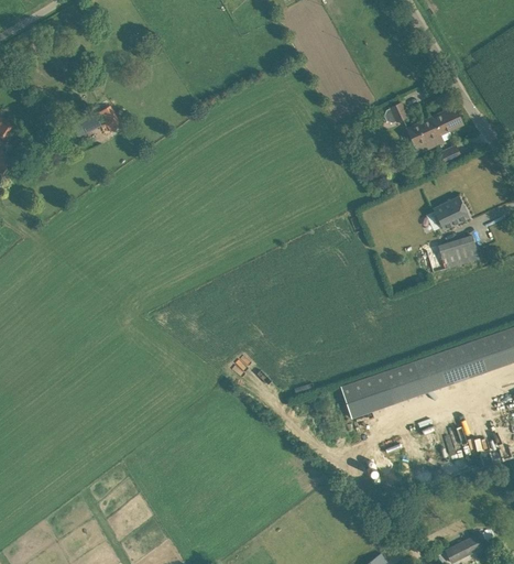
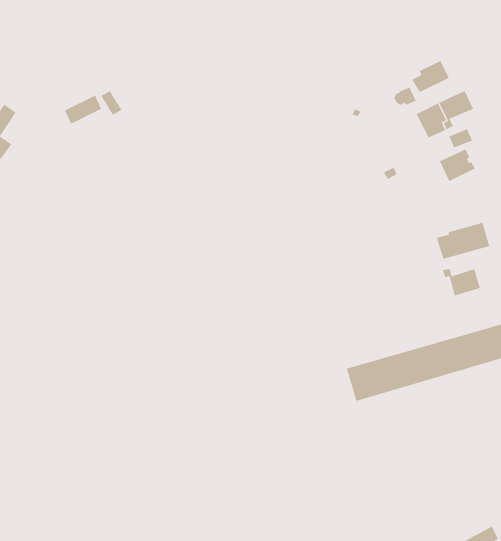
building: none -> [411,60,450,93]
building: [434,197,470,230] -> [439,149,476,182]
building: none -> [442,268,481,296]

